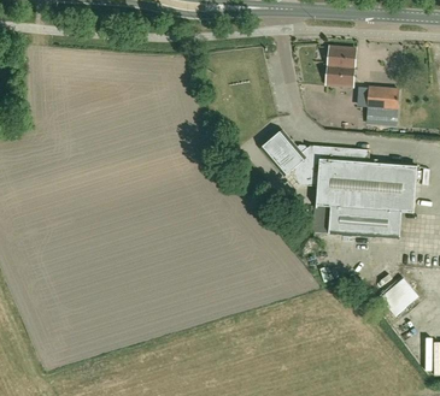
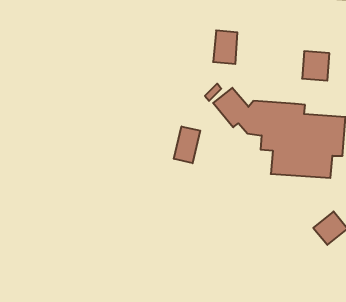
building: [325,45,354,84] -> [213,30,237,64]
building: none -> [174,126,200,163]

